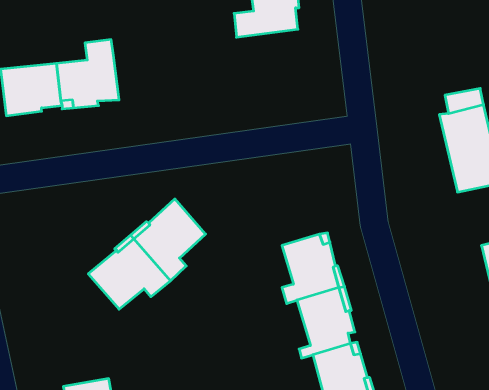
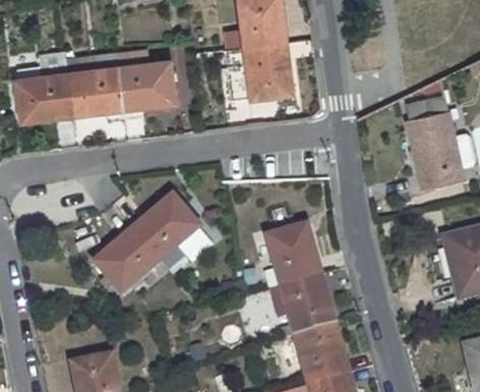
building: none -> [224,43,292,102]
building: none -> [117,61,172,106]

